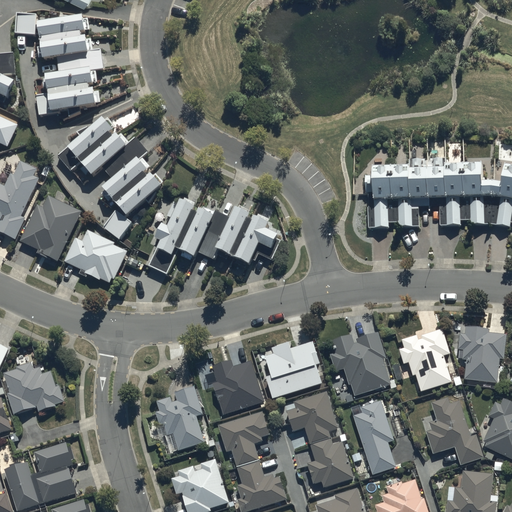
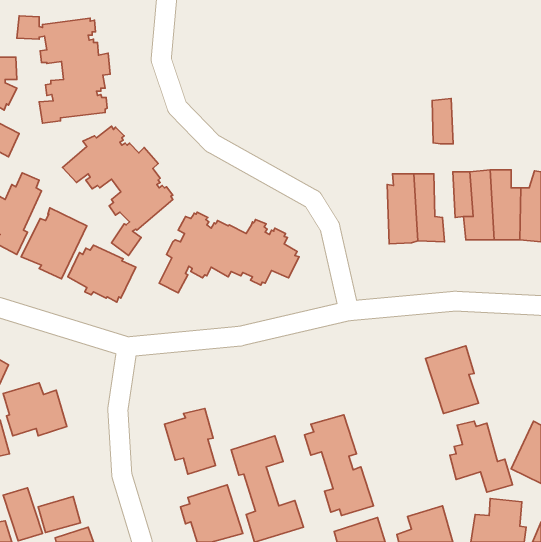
building: [409,162,429,205] -> [432,98,453,144]
building: [460,323,501,382] -> none
building: [329,330,390,395] -> none
building: [263,339,321,398] -> none
building: [211,358,263,414] -> none
building: [352,400,394,473] -> none
building: [34,441,72,472] -> none

